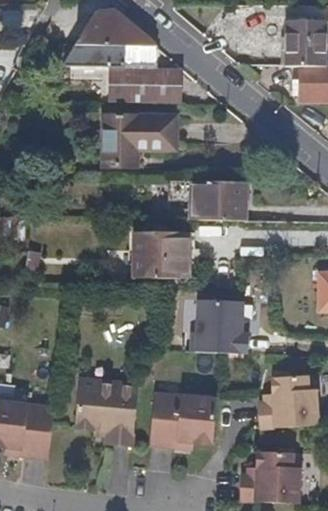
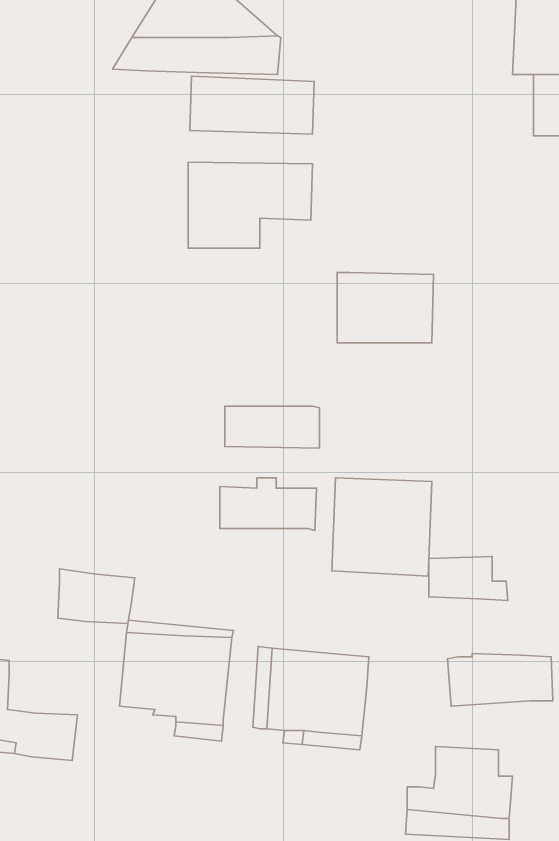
building: [130,227,185,257] -> [220,478,316,530]
building: [271,374,316,399] -> [429,557,508,600]
building: [6,401,50,432] -> [58,569,135,623]

